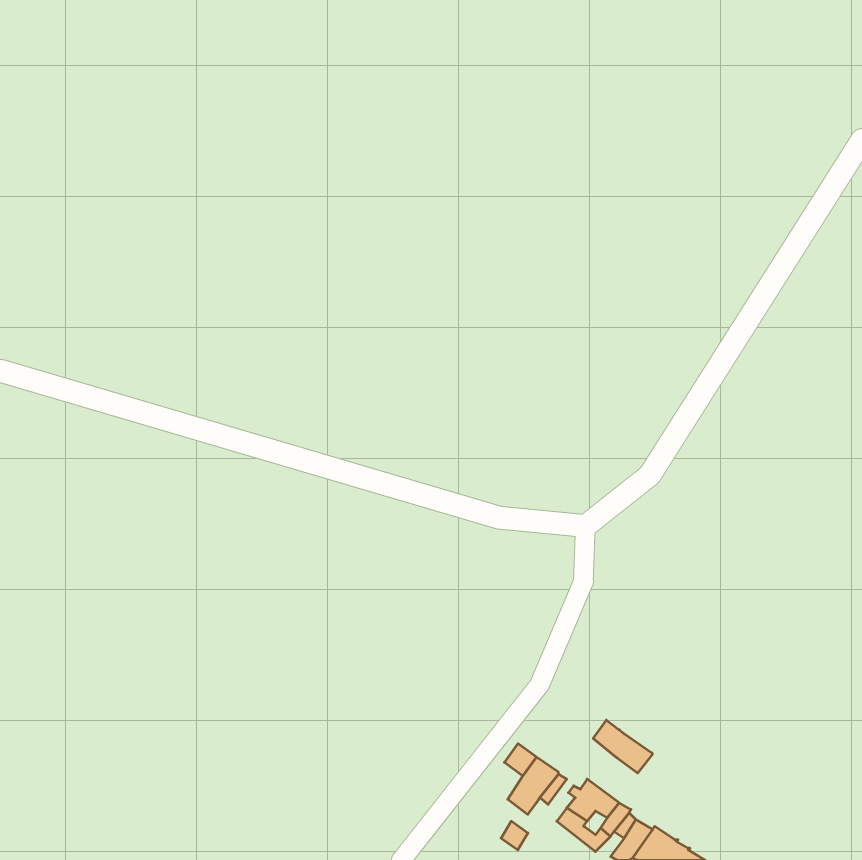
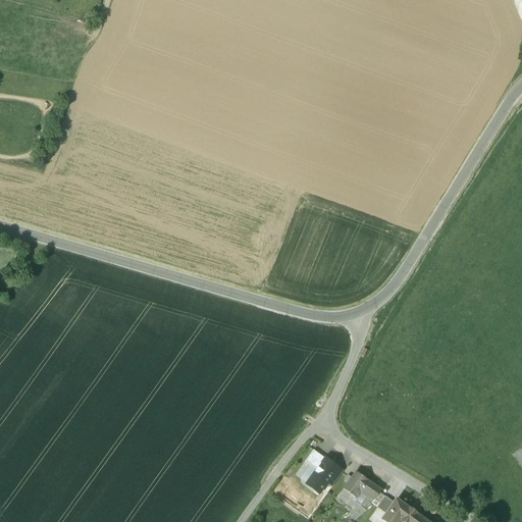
building: [593,720,652,773] -> none

